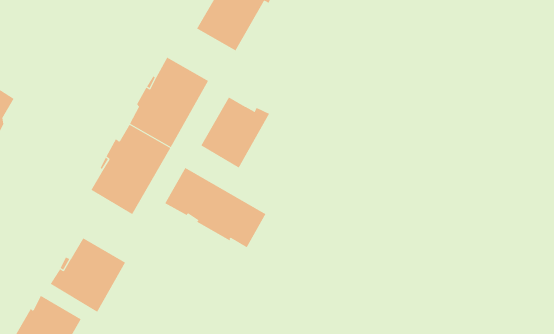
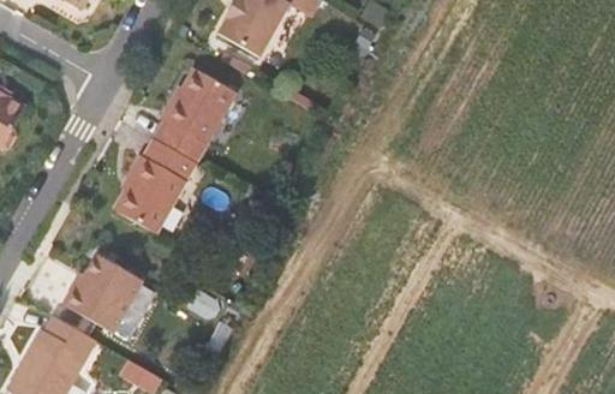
building: [201,96,270,169] -> none
building: [165,167,266,248] -> none

